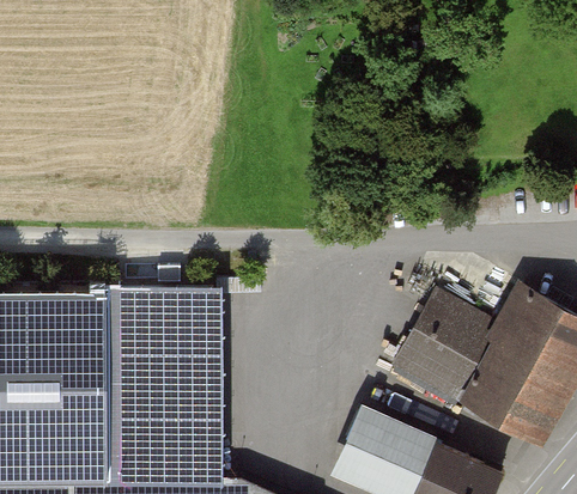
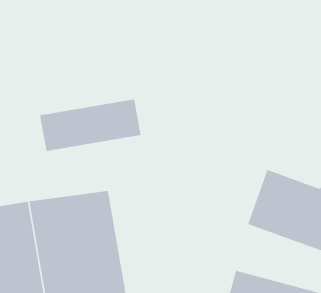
building: none -> [39,99,141,152]

